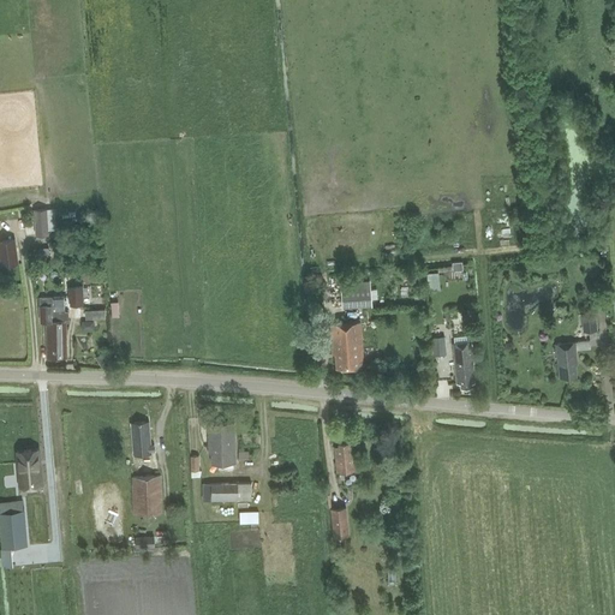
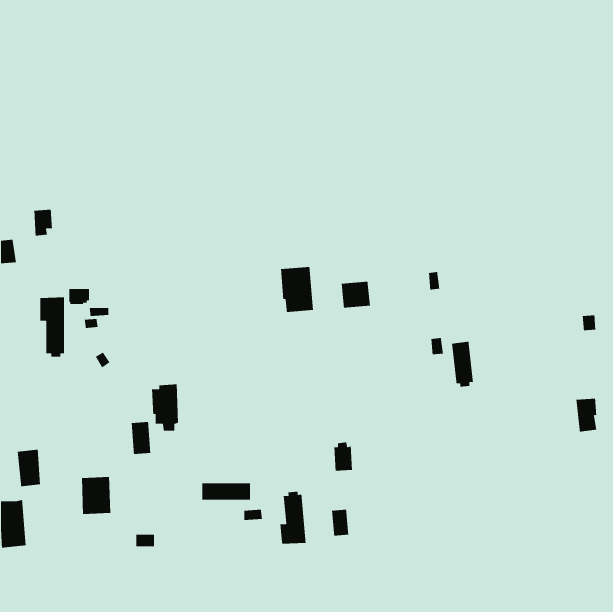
building: [329,323,363,370] -> [280,266,314,313]
building: [555,344,577,378] -> [576,398,597,433]
building: [208,424,235,472] -> [151,384,179,432]
building: [132,477,162,515] -> [81,476,111,515]
building: none -> [280,491,307,545]

